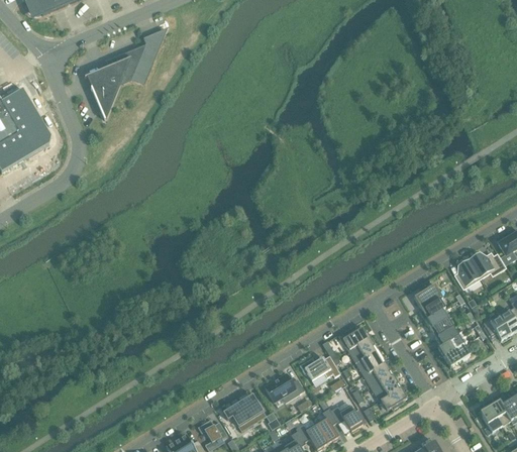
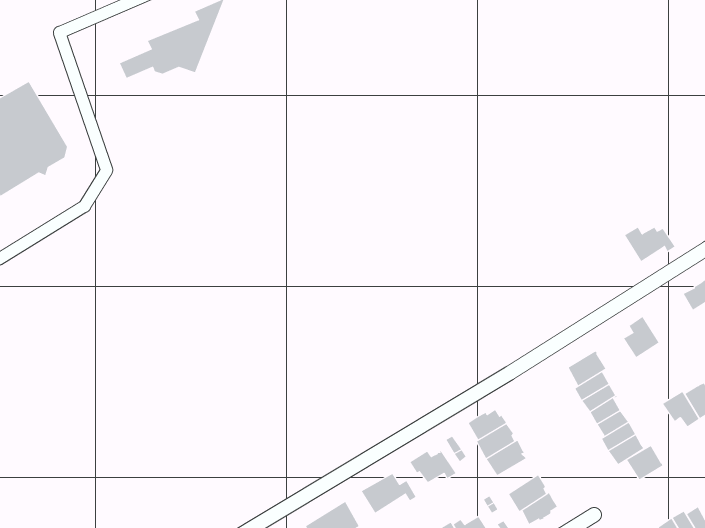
building: [91,78,119,118] -> none
building: [469,252,506,277] -> [624,227,676,262]
building: none -> [623,445,663,480]
building: [363,361,393,387] -> none

